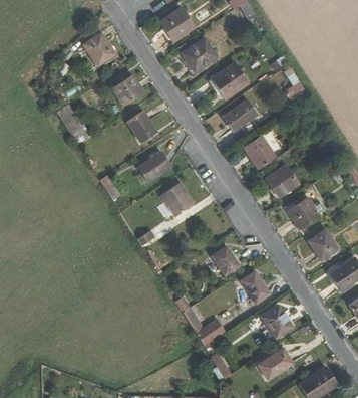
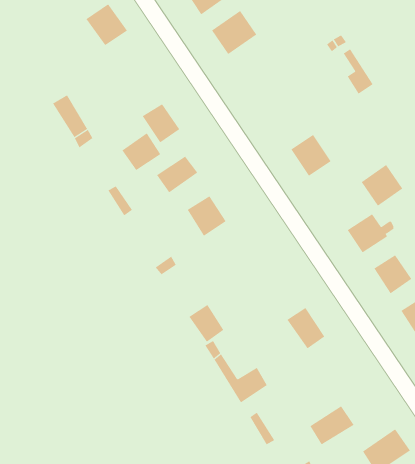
building: [210,62,248,98] -> none
building: [111,74,142,105] -> [122,133,161,171]
building: [222,98,257,131] -> none
building: [265,164,298,197] -> [361,164,403,206]
building: [211,245,239,275] -> [188,304,224,343]
building: [262,306,292,337] -> none

